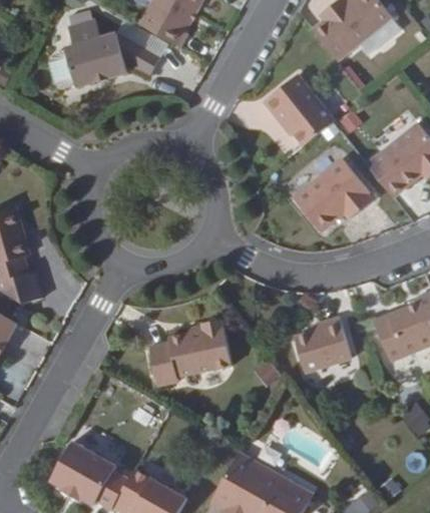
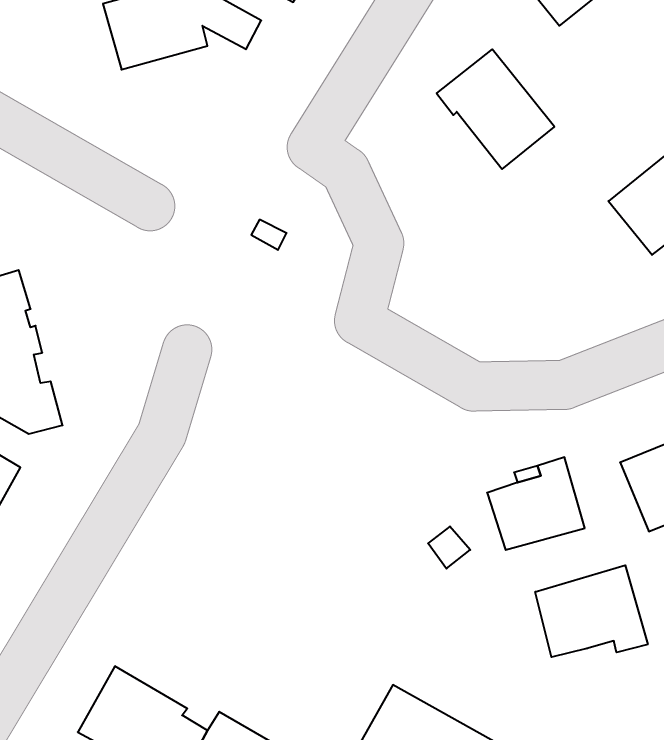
building: [293,158,372,231] -> none
building: [149,319,231,386] -> none
building: none -> [535,565,648,657]

